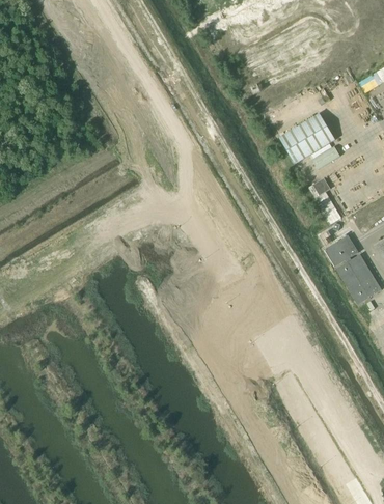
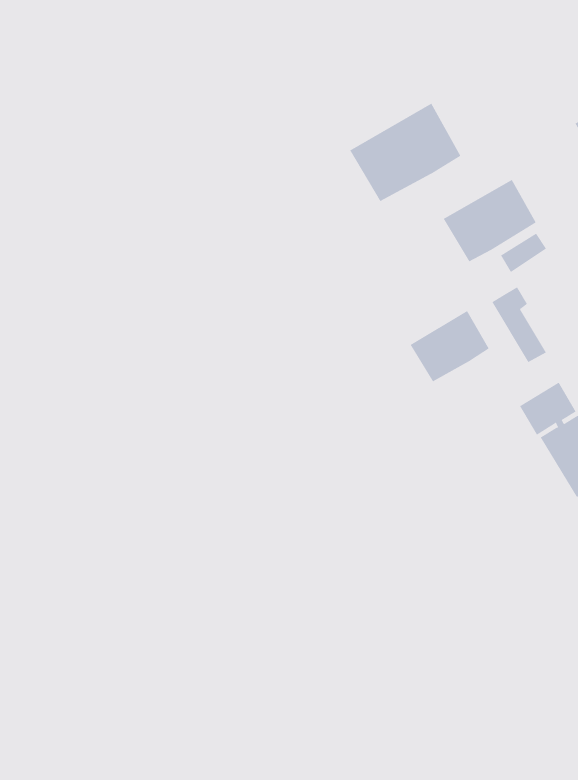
building: none -> [350,103,461,202]
building: none -> [410,310,490,382]

